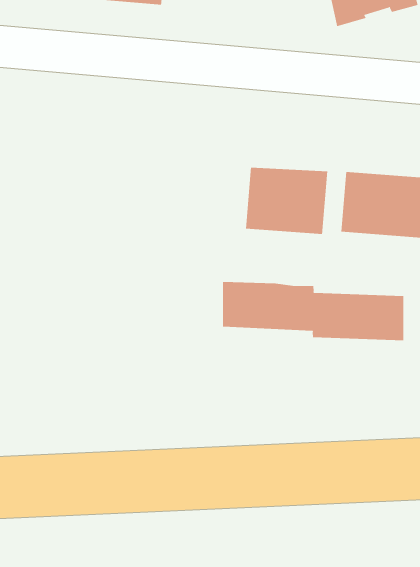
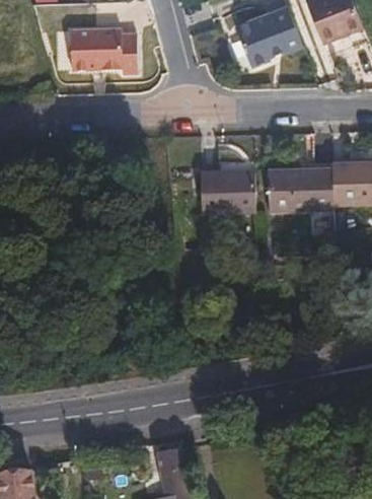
building: [222,281,404,341] -> none

